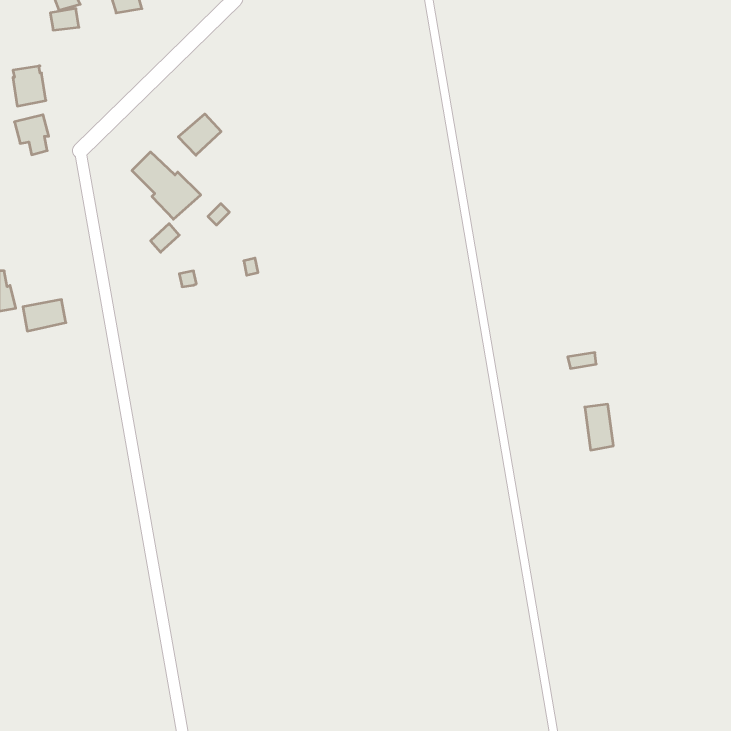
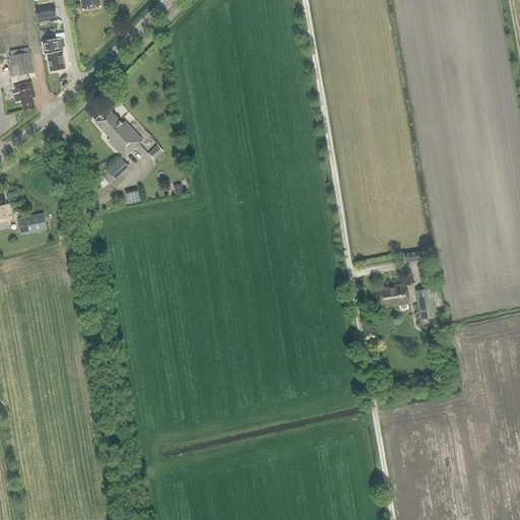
building: none -> [42,38,63,70]
building: [178,114,221,155] -> none
building: none -> [378,284,406,306]

